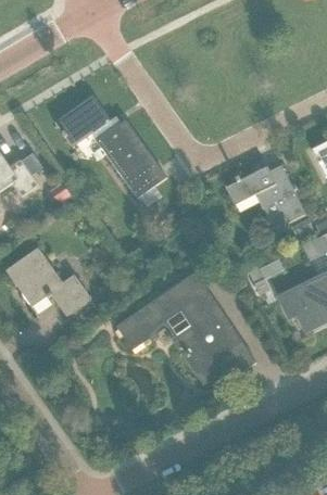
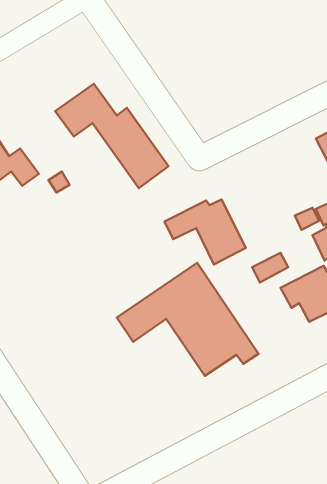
building: [226,165,306,229] -> [164,200,246,264]
building: [7,246,91,315] -> none

